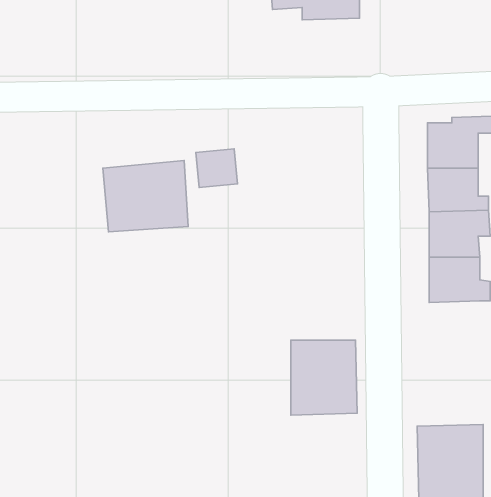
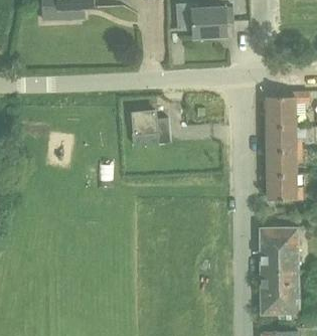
building: [103,161,188,232] -> none
building: [291,340,357,415] -> [261,228,299,272]

